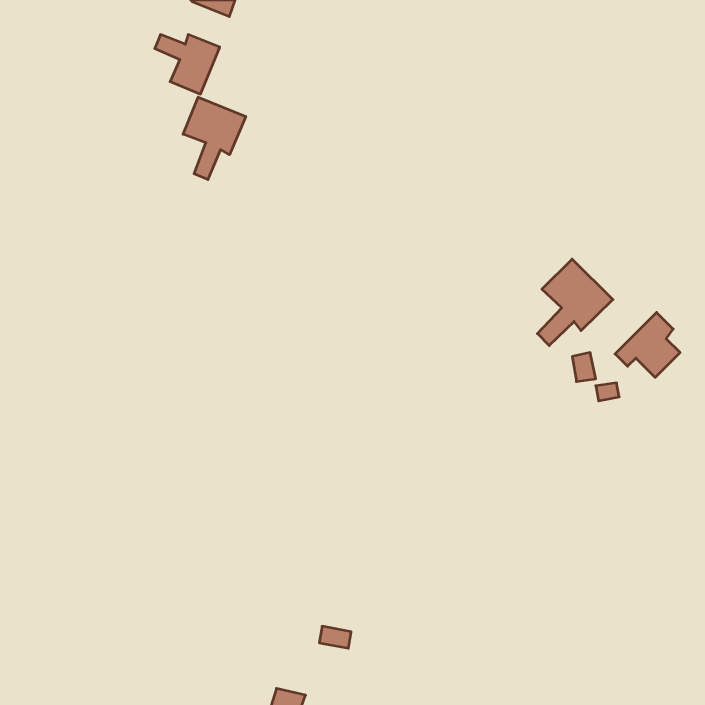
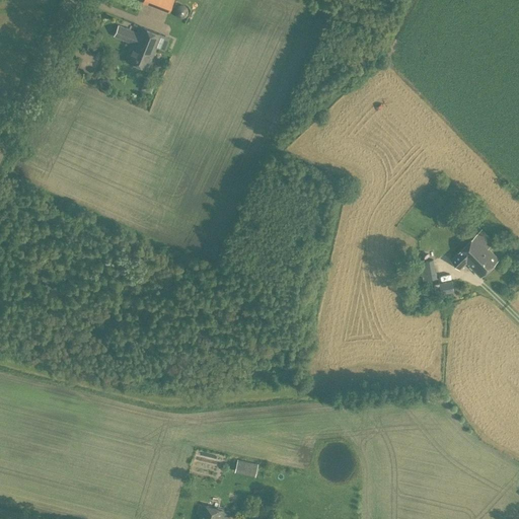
building: [183,97,246,180] -> none
building: [537,259,613,346] -> none

